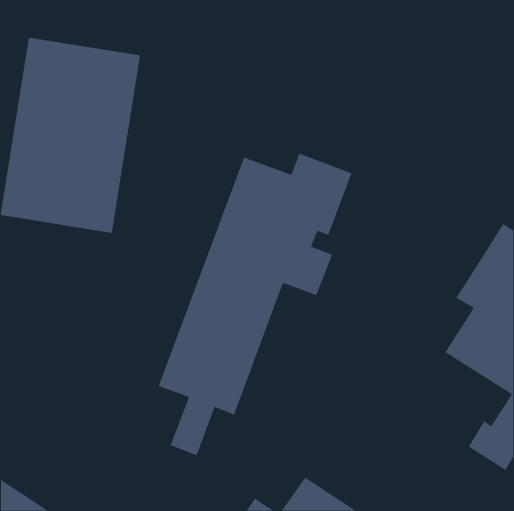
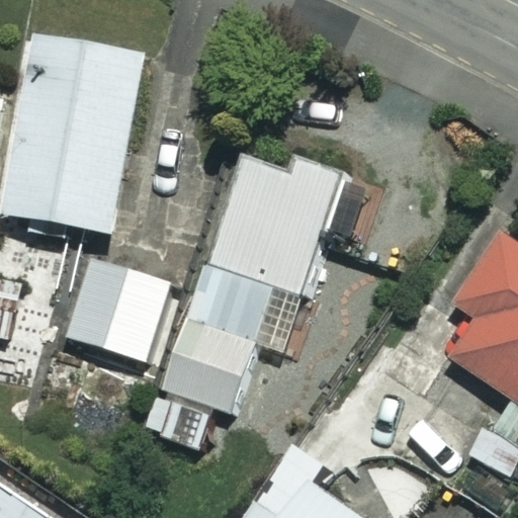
building: none -> [62,254,179,368]

